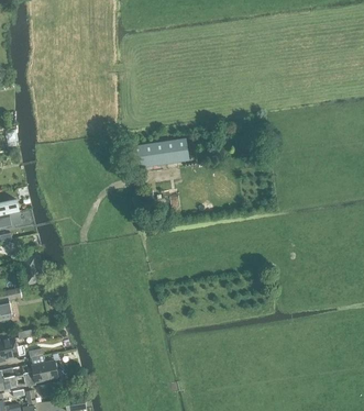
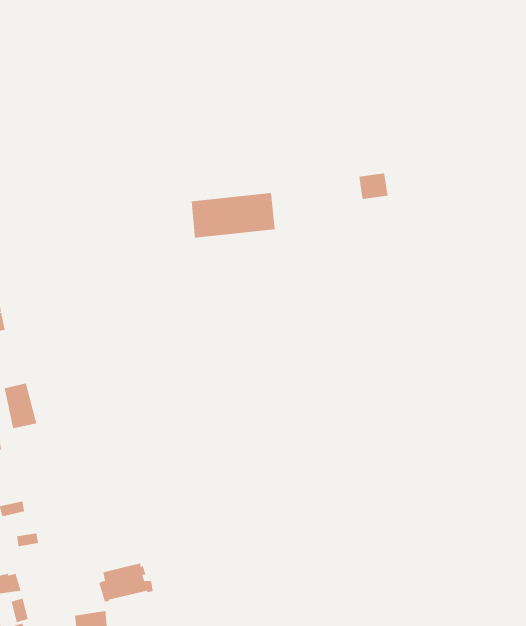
building: [29,360,63,385] -> [99,563,154,602]

